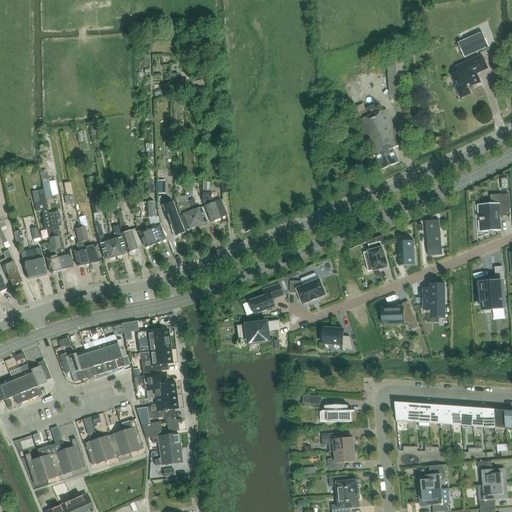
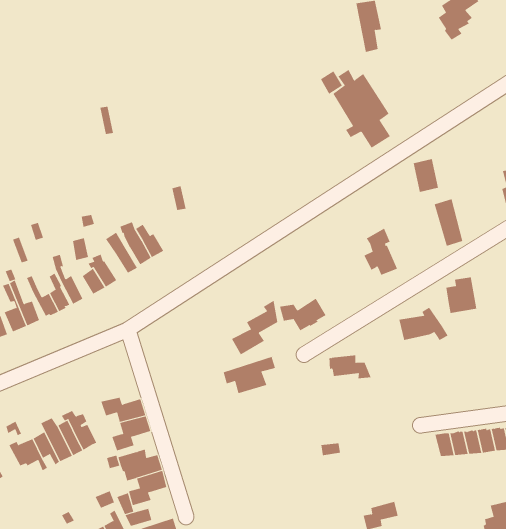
building: [201,192,226,221] -> none
building: [397,240,414,265] -> [413,158,439,193]
building: [321,404,353,422] -> none
building: [321,432,354,452] -> none

